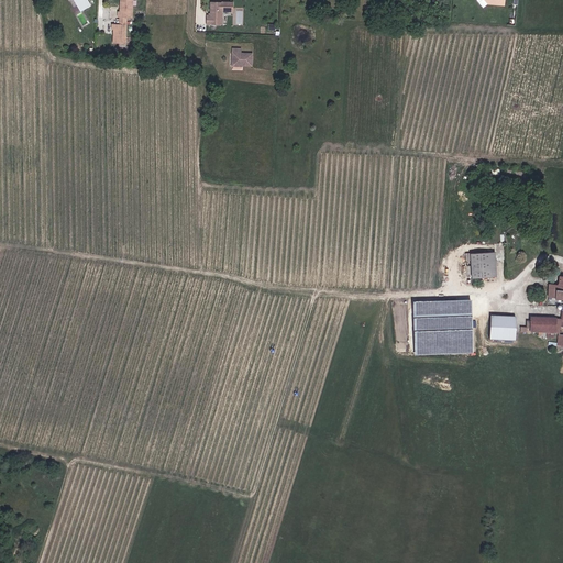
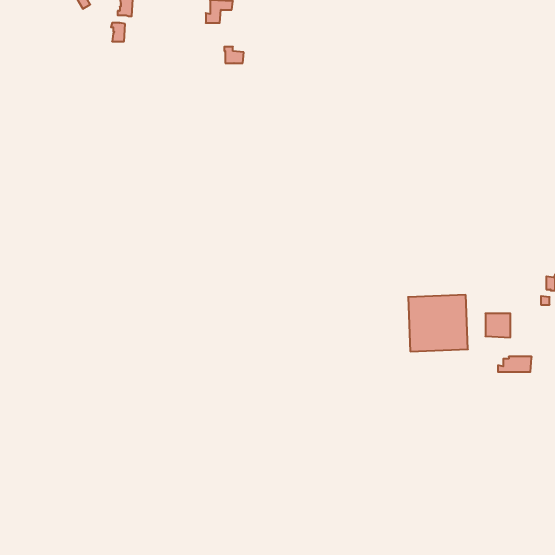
building: [473,251,498,277] -> none
building: [520,318,554,333] -> [498,357,532,372]

